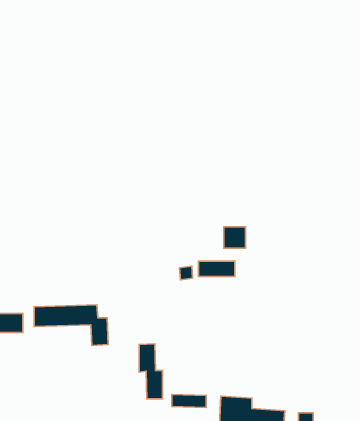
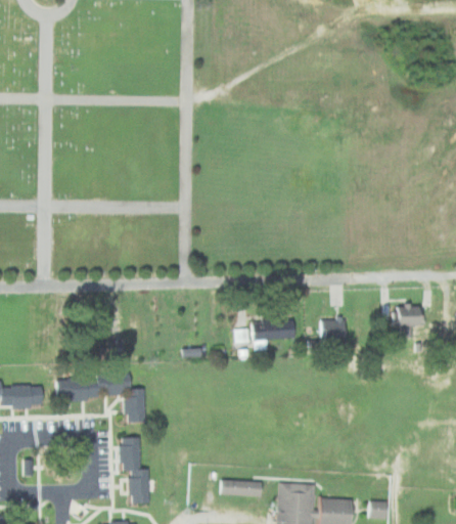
building: [224,227,245,248] -> [321,320,347,346]
building: none -> [397,307,422,338]
building: [139,344,162,399] -> [122,438,149,504]

